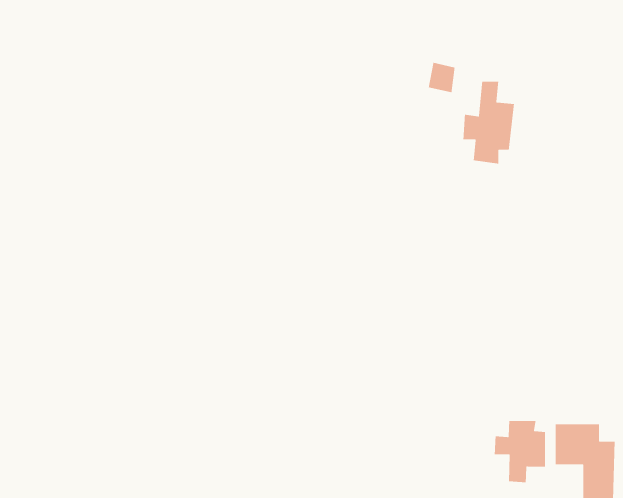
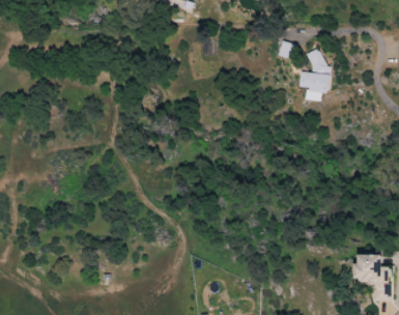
building: [494,420,546,483] -> none

